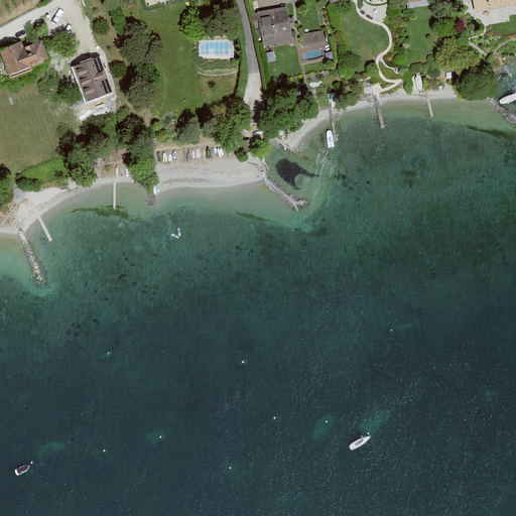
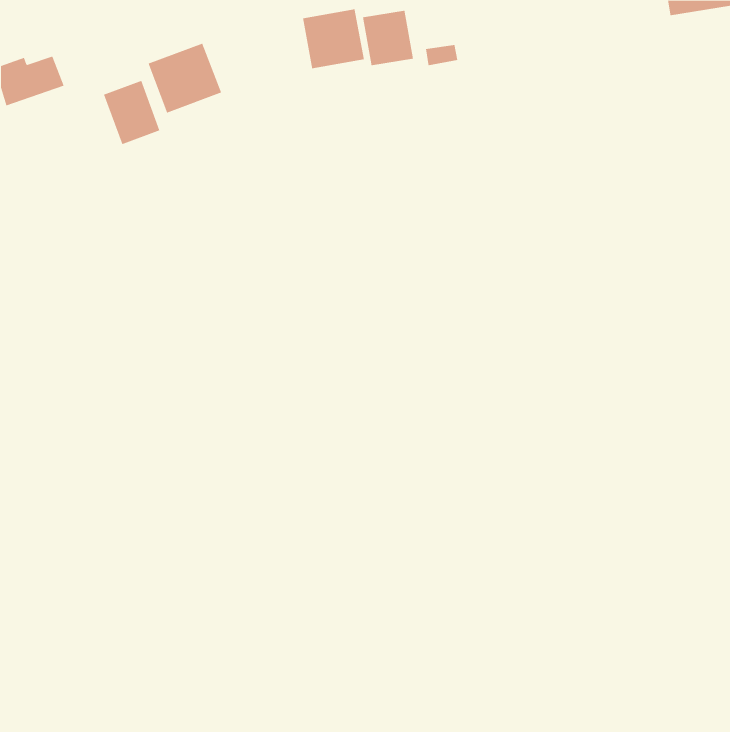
building: none -> [302,8,364,69]
building: none -> [148,43,222,113]

